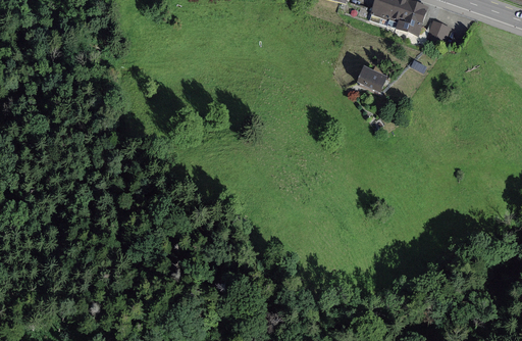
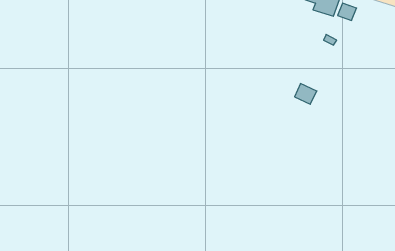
building: [357,66,384,92] -> [295,84,317,104]

